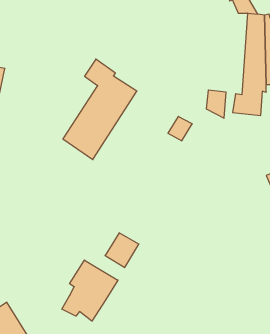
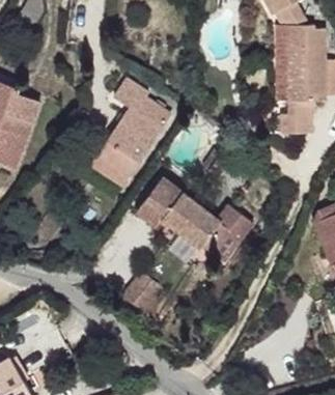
building: none -> [139,177,254,257]
building: [62,260,118,321] -> none

